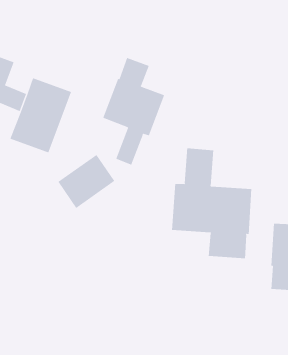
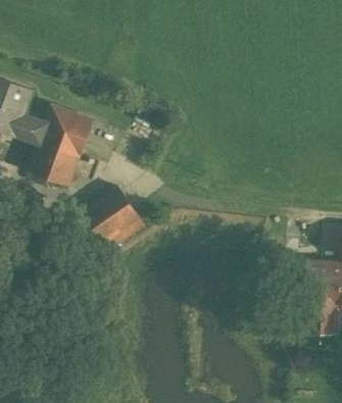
building: [103,57,165,166] -> none
building: [172,148,252,259] -> none

